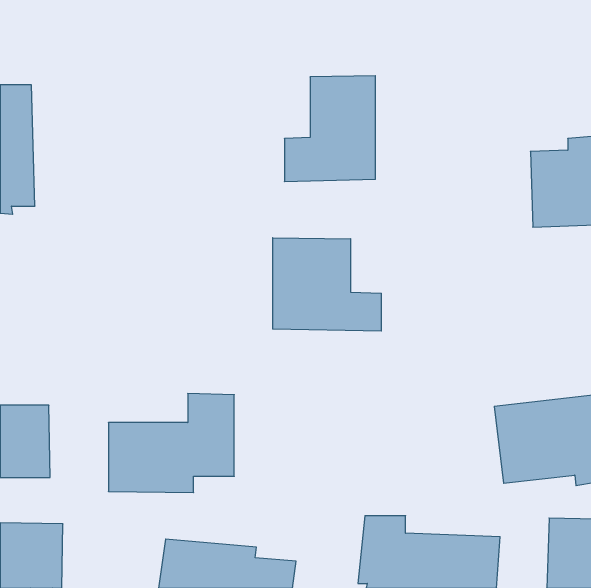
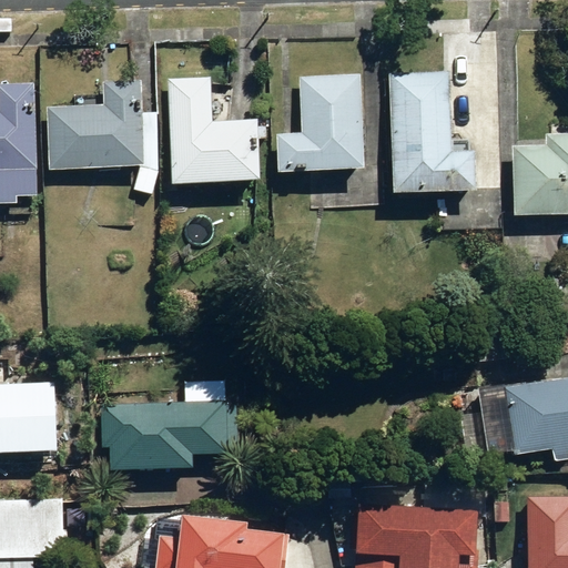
building: none -> [388,71,474,195]
building: none -> [168,75,257,185]
building: none -> [44,80,143,170]
building: [273,238,381,331] -> none

